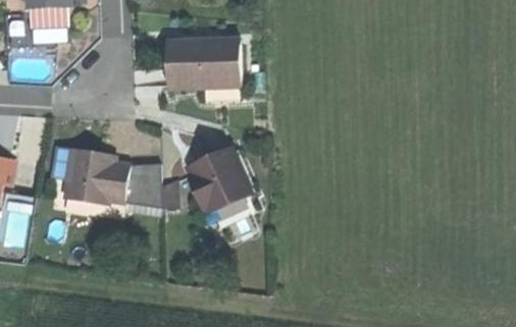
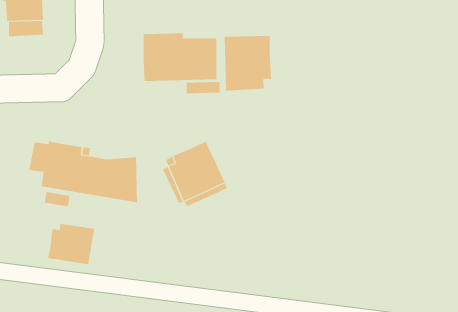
building: none -> [224,35,271,92]
building: none -> [47,223,95,265]

